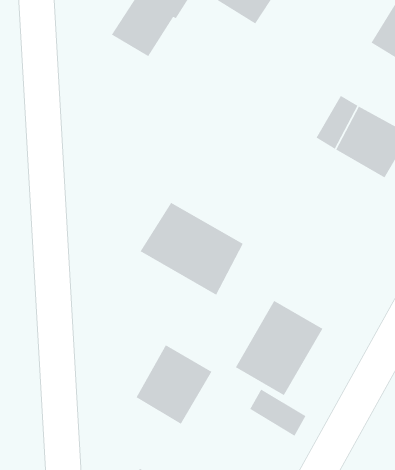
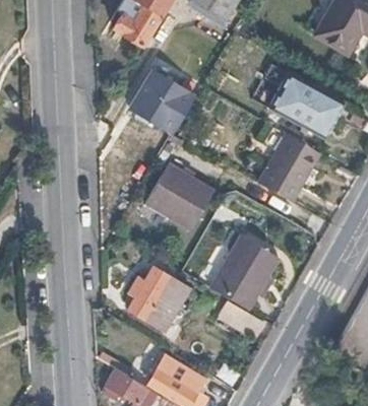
building: none -> [129,71,195,136]
building: none -> [257,134,319,203]

